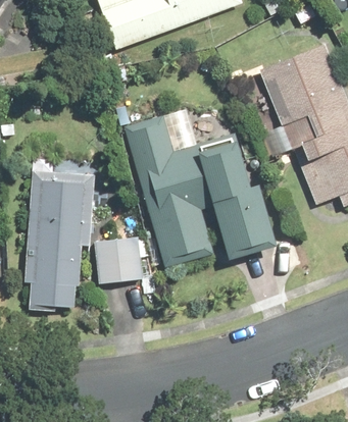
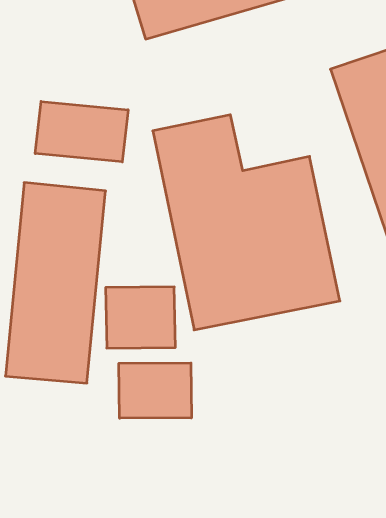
building: none -> [35,101,128,162]
building: none -> [119,363,191,418]

